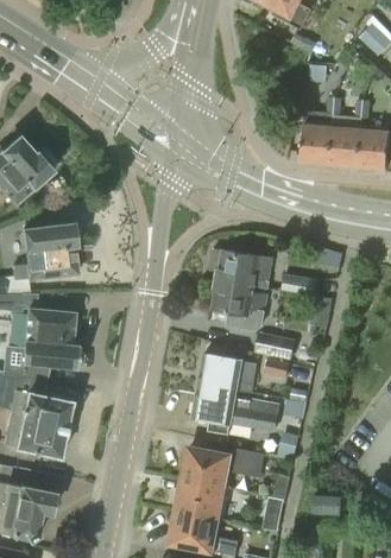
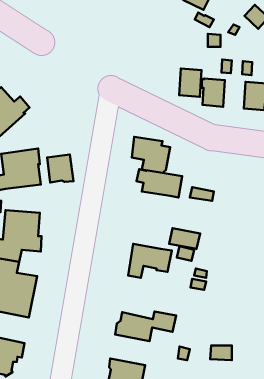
building: [329,127,360,166] -> [179,69,202,97]
building: none -> [47,154,73,182]
building: [213,281,266,331] -> [132,137,170,173]
building: [194,385,279,436] -> none
building: [172,480,227,522] -> none

